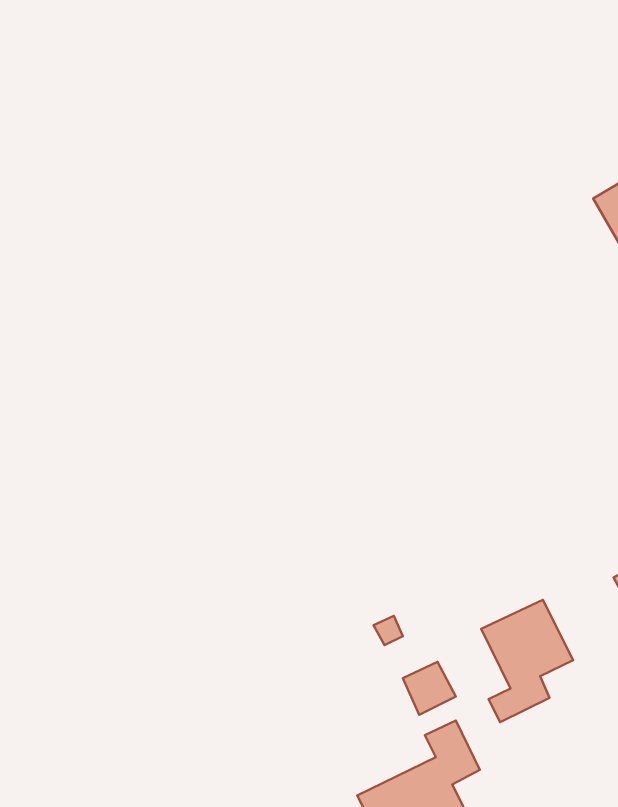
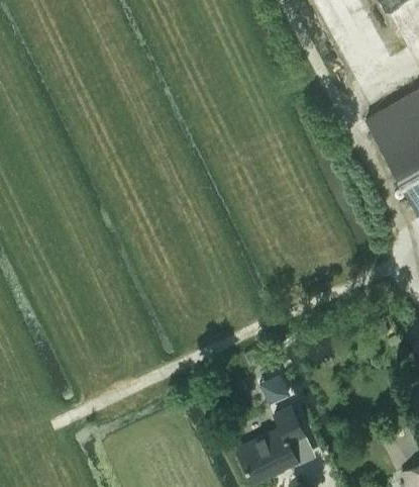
building: [481,600,573,722] -> none

